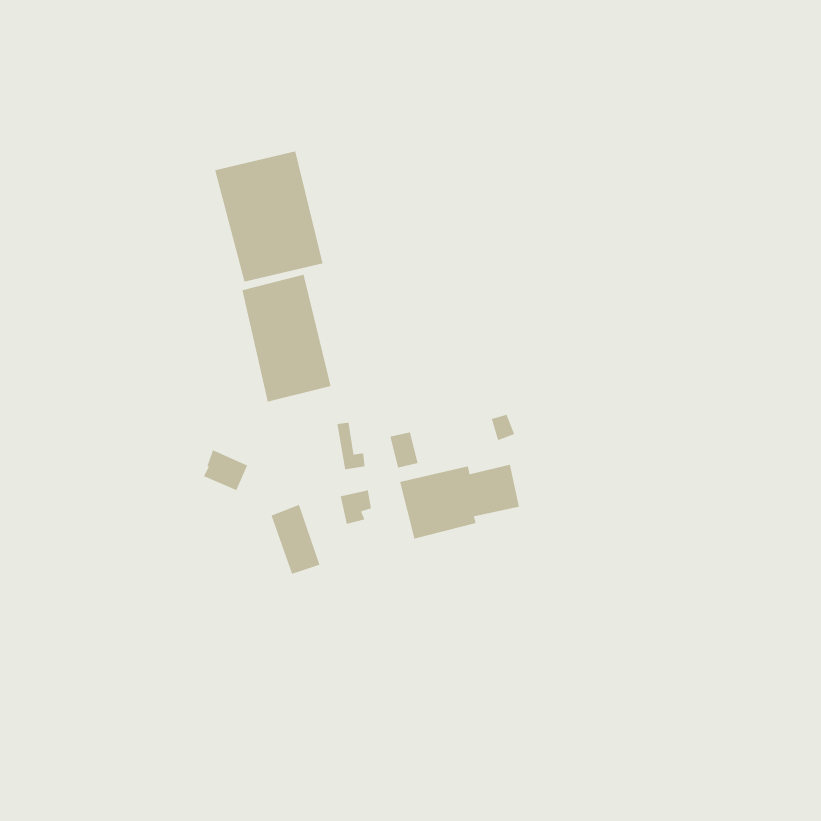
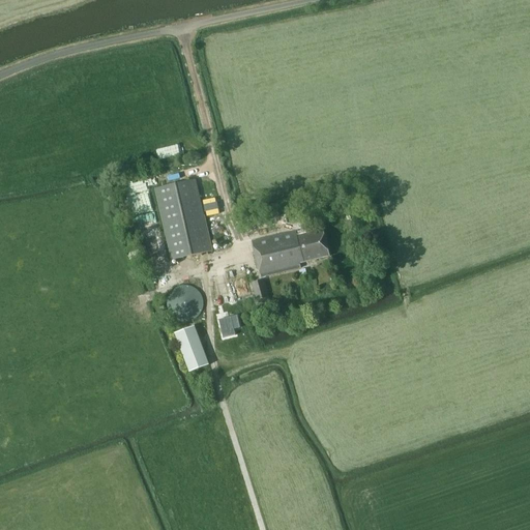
building: [214,150,323,282] -> none
building: [203,449,248,491] -> [173,283,202,310]
building: [399,464,520,539] -> [252,228,329,276]

